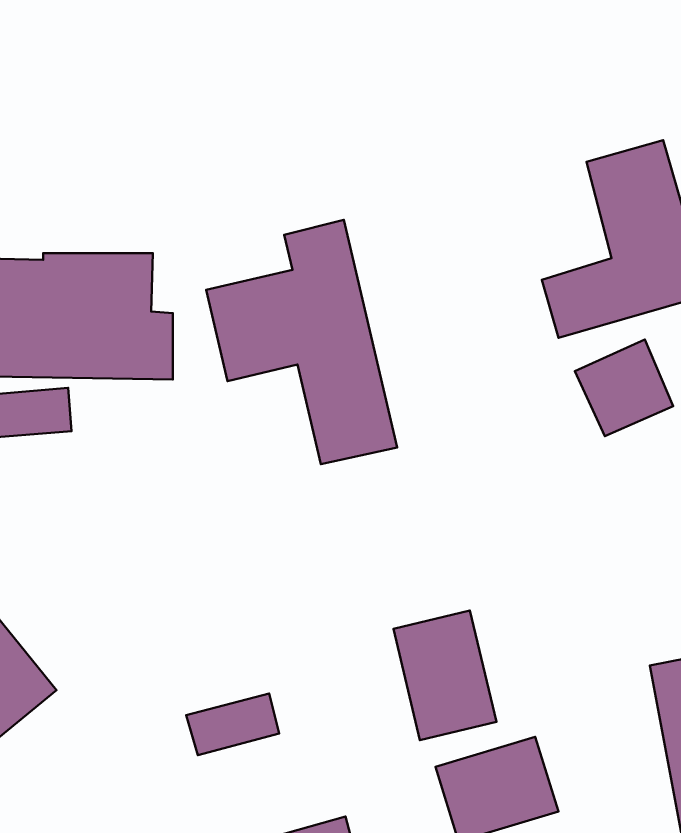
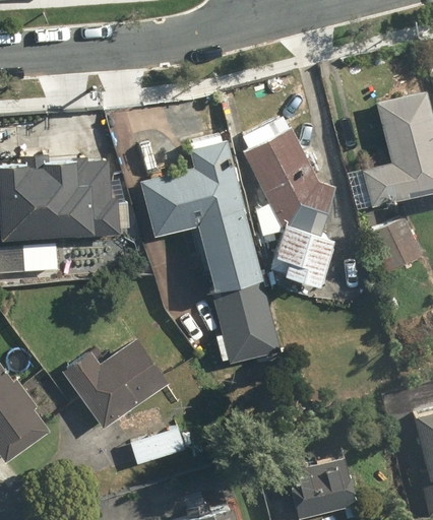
building: none -> [243,112,333,284]
building: none -> [60,340,167,430]
building: [393,611,496,740] -> [214,281,277,361]

